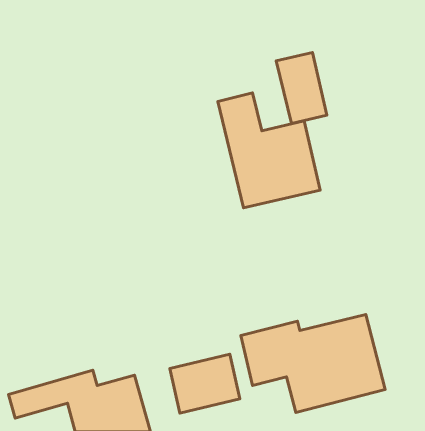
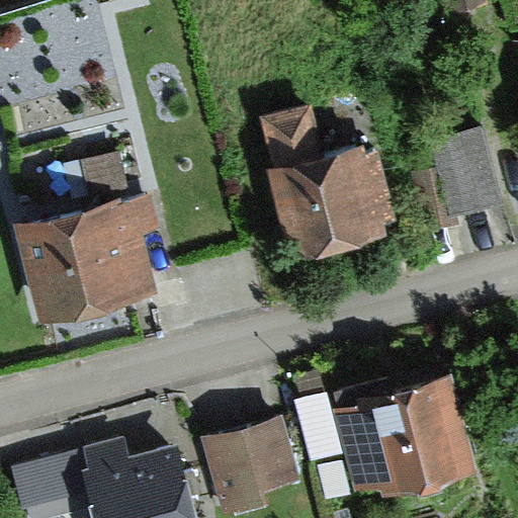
building: [276,53,327,124] -> [437,130,498,214]
building: none -> [21,201,149,315]

